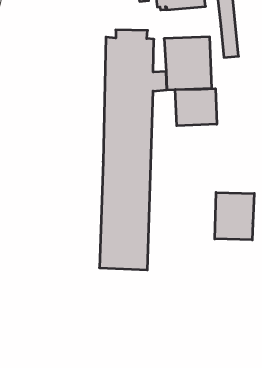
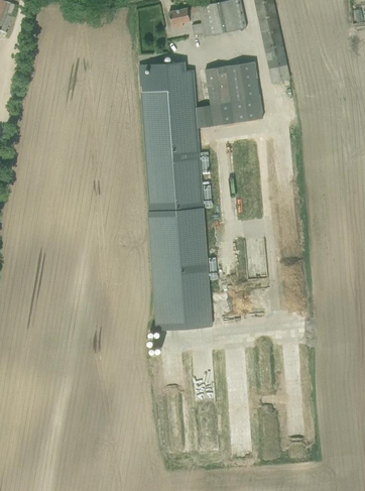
building: [175,89,217,126] -> none
building: [215,192,254,240] -> none

